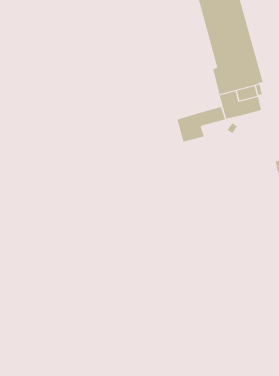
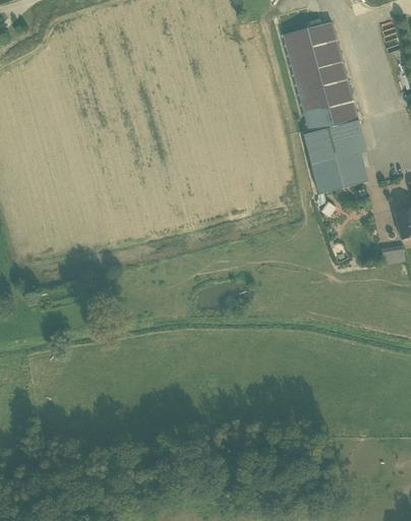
building: [177,106,226,143] -> none

